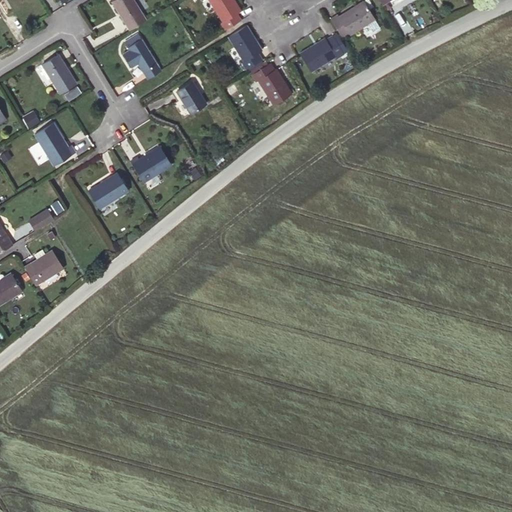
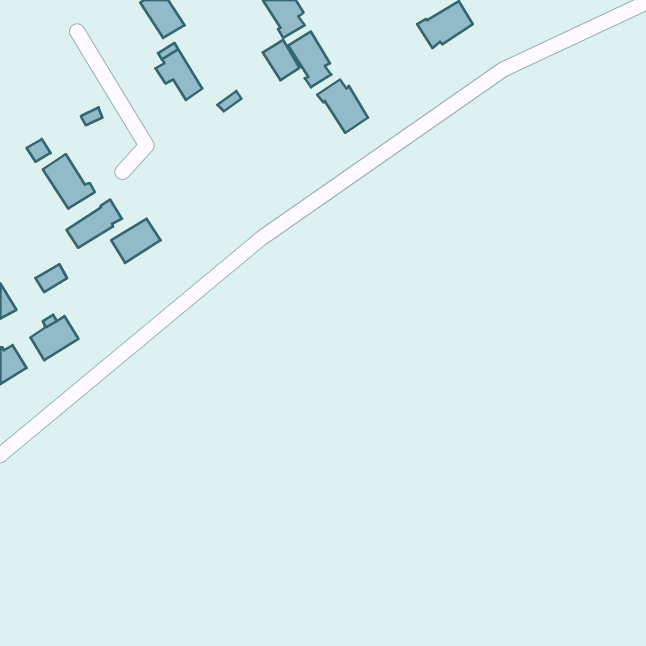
building: [299,36,343,71] -> none
building: [41,54,76,93] -> none
building: [176,81,205,113] -> [263,40,299,80]
building: [130,146,171,182] -> none
building: none -> [67,200,122,248]

